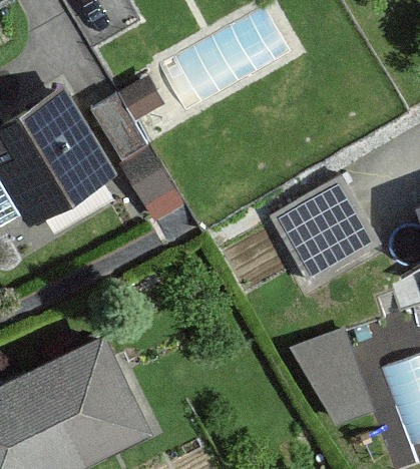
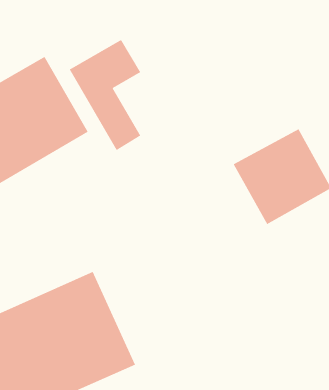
building: [299,327,376,431] -> none

